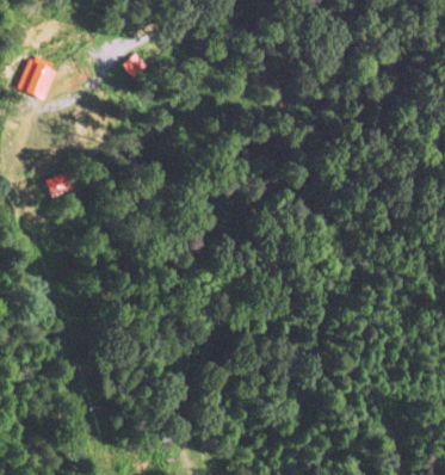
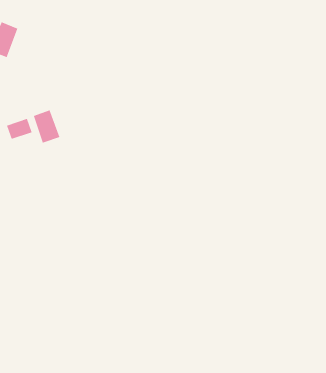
building: none -> [33,110,60,144]

